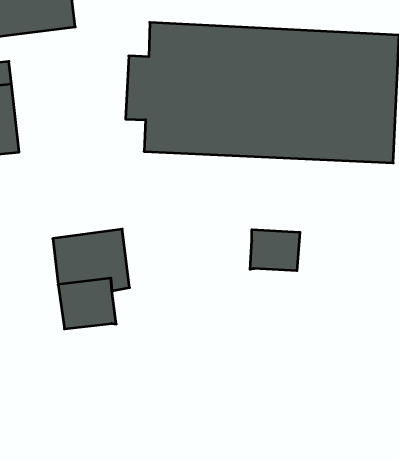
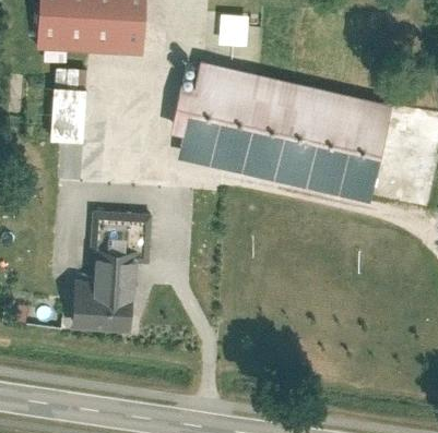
building: [250,230,300,271] -> none
building: none -> [73,285,132,333]

